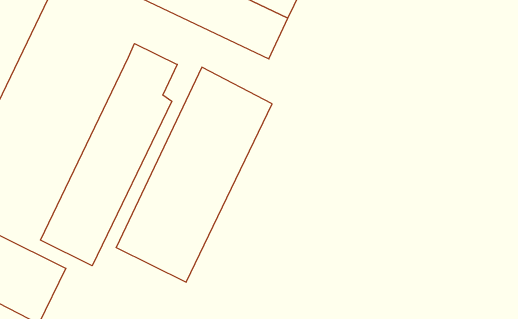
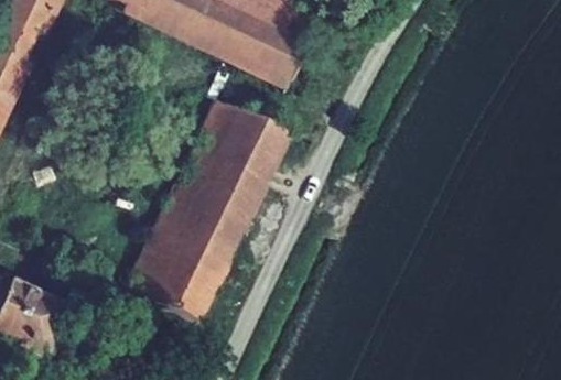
building: [40,44,177,266] -> none

